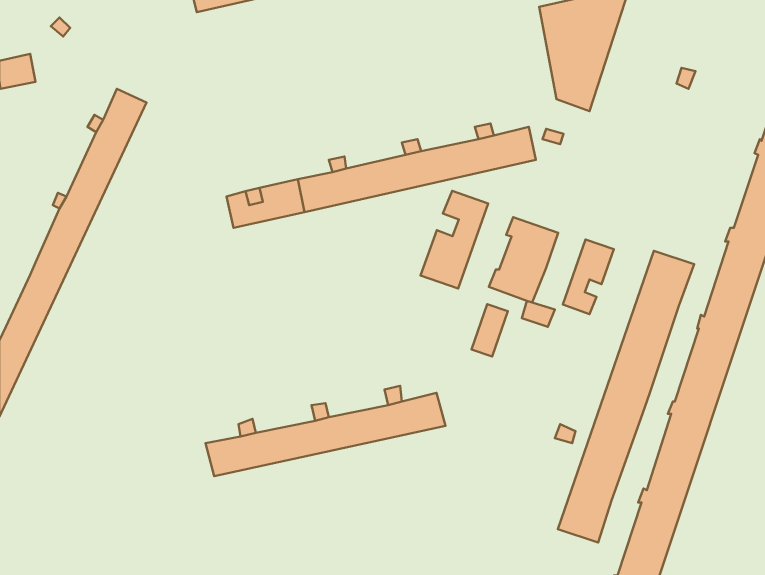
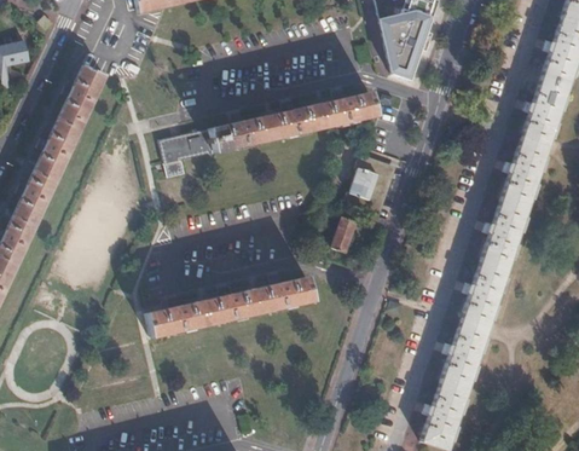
building: [420,191,488,289] -> none
building: [563,239,614,314] -> none
building: [558,251,694,542] -> none

